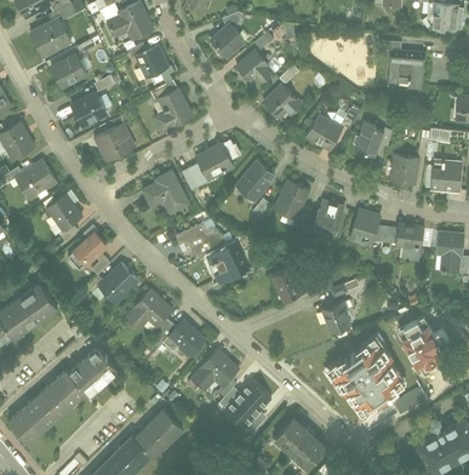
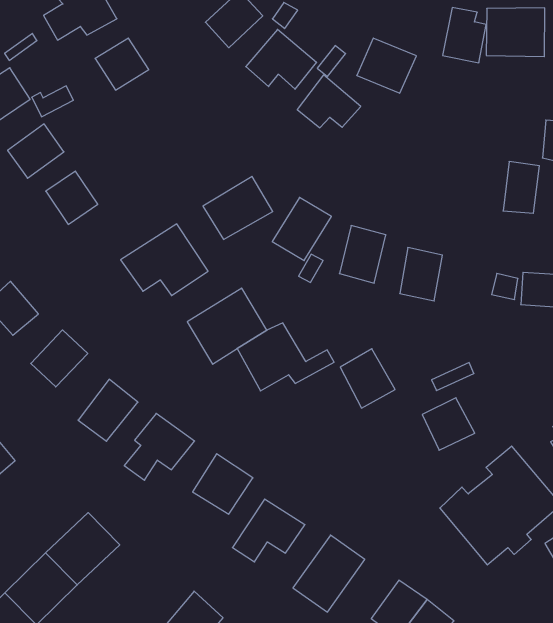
building: [151,84,191,131] -> none
building: [305,113,345,150] -> [357,38,416,93]
building: [353,119,383,156] -> [443,8,486,63]
building: [348,208,378,238] -> none

